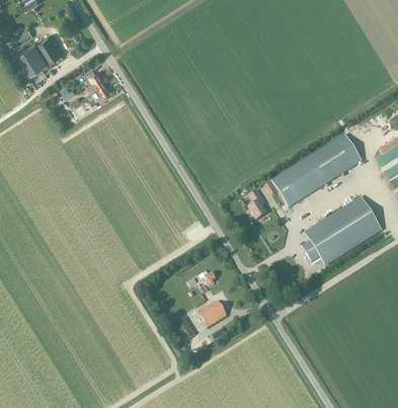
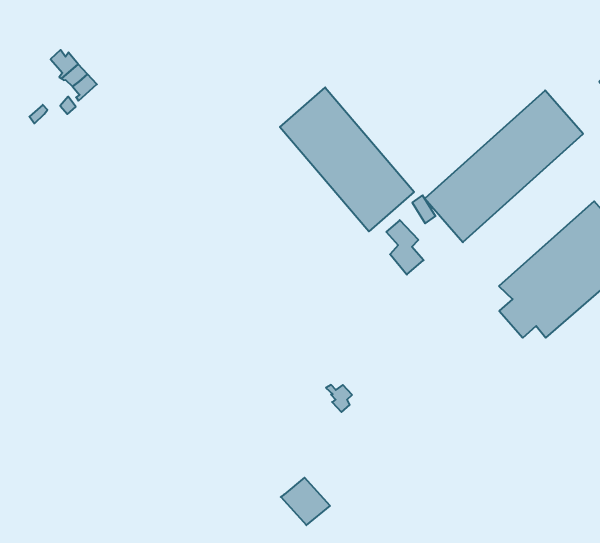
building: none -> [280,87,414,231]
building: [198,301,227,326] -> none

